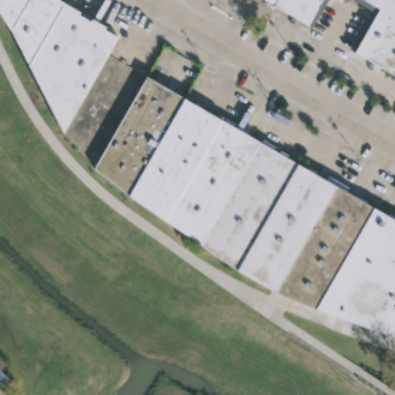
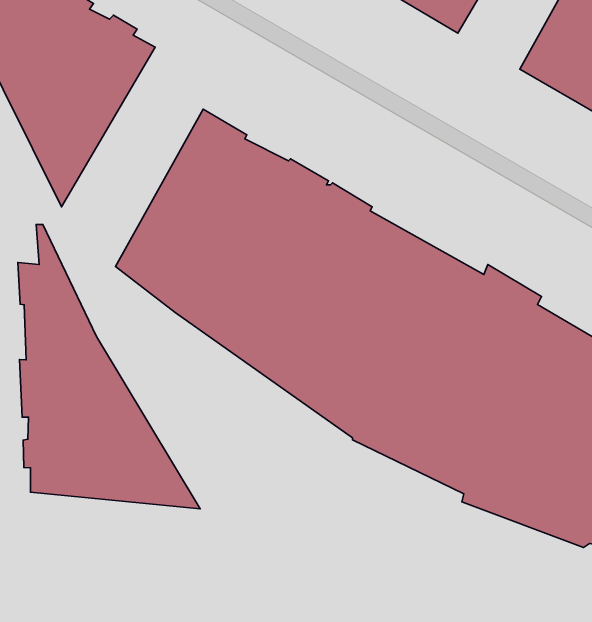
building: none -> [18,224,200,509]

